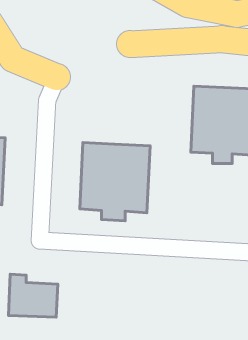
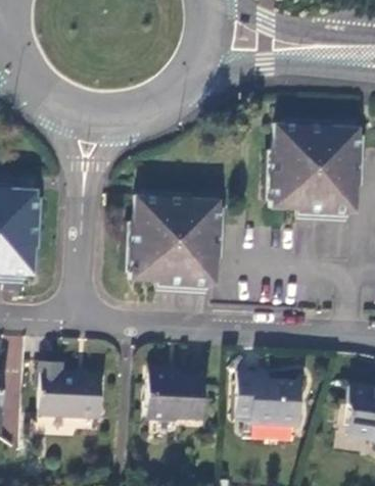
building: none -> [236,372,301,426]
building: none -> [146,373,204,414]

